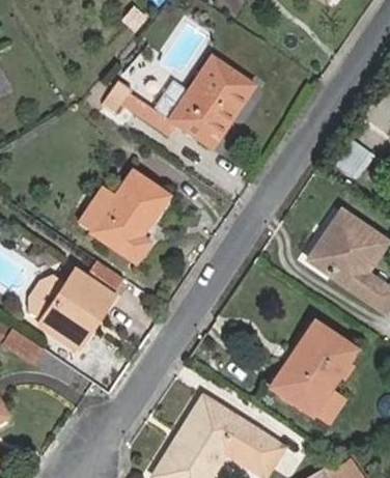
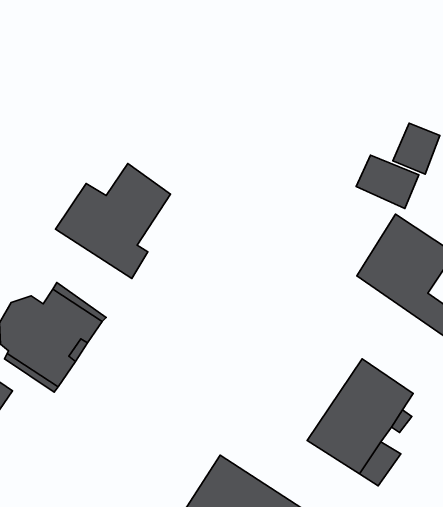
building: [104,57,256,149] -> none
building: none -> [356,155,419,208]

